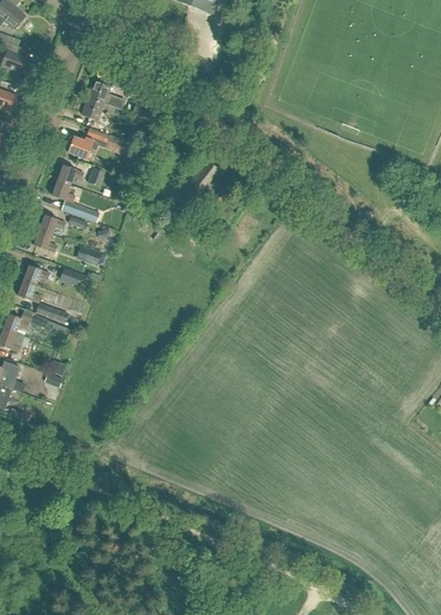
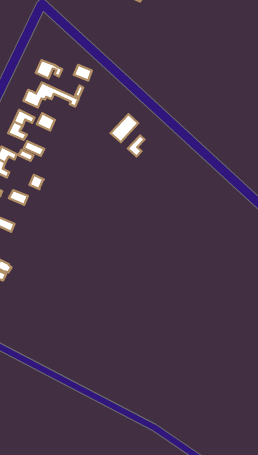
building: [88,82,126,111] -> none

